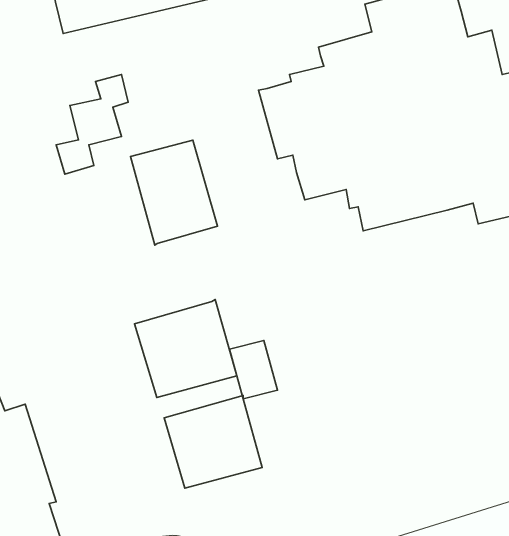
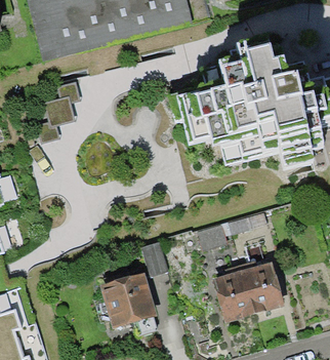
building: [130,140,217,245] -> none
building: [135,299,237,398] -> none
building: none -> [220,269,284,321]

